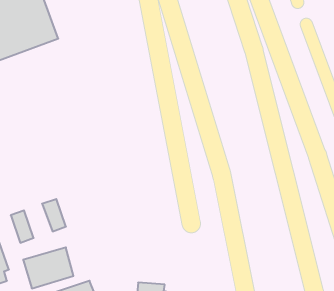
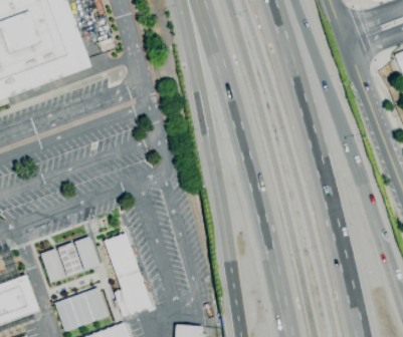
building: none -> [104,233,151,316]
building: none -> [57,242,81,276]

